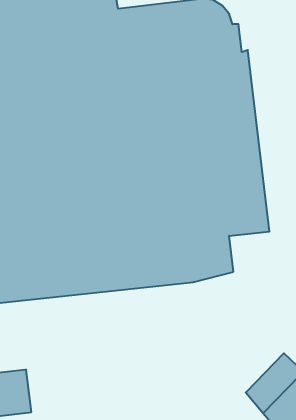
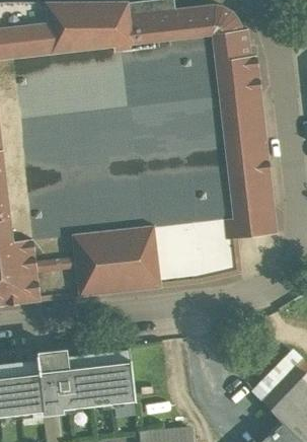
building: none -> [35,351,134,411]

